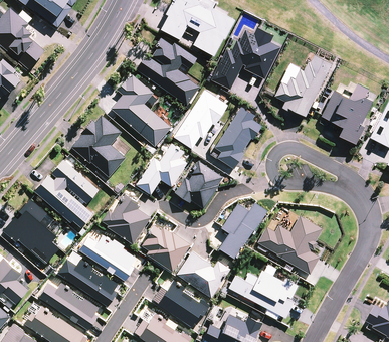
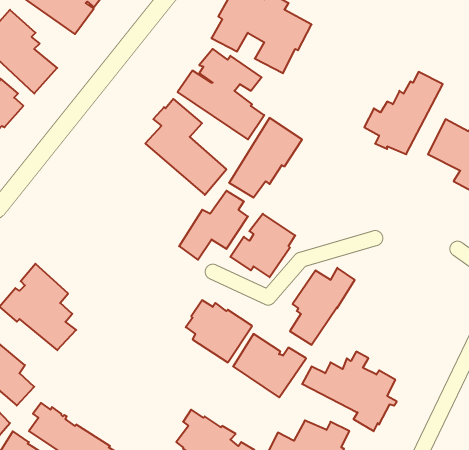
building: [210,27,279,90] -> none
building: [214,106,261,168] -> none
building: [70,114,125,176] -> none
building: [34,158,99,226] -> none
building: [101,193,151,243] -> none
building: [257,215,322,274] -> none
building: [78,233,136,280] -> none
building: [57,258,120,305] -> none
building: [152,279,209,325] -> none
building: [38,281,99,329] -> none

